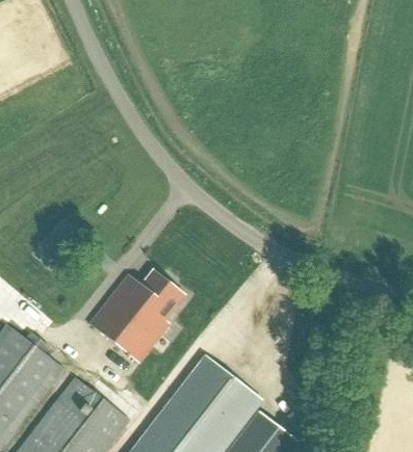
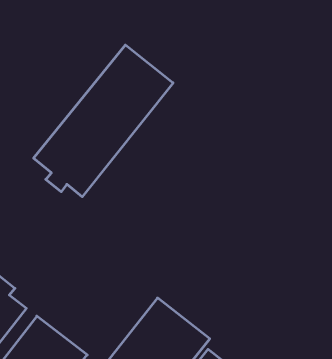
building: none -> [34,45,173,197]
building: [87,272,183,366] -> none

